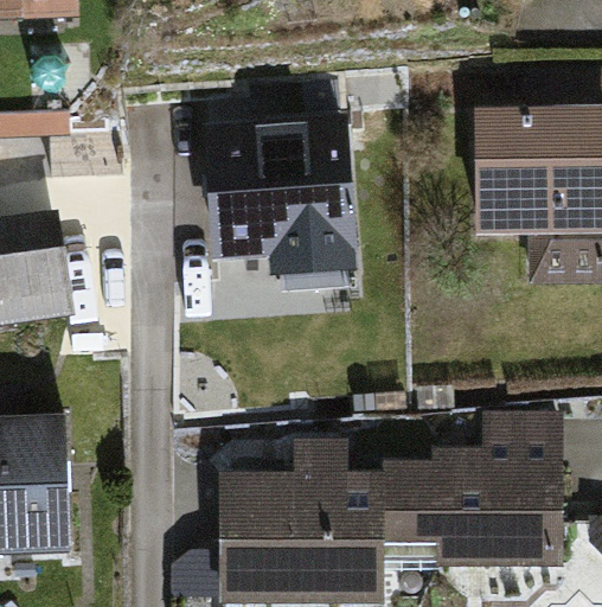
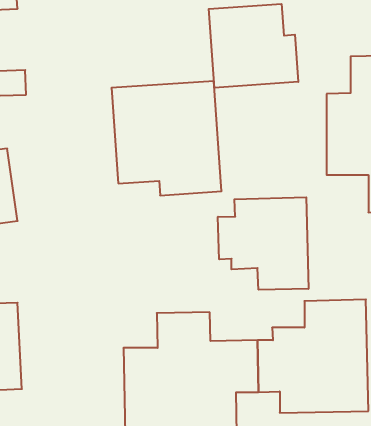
building: none -> [209,4,298,88]
building: none -> [218,197,308,290]

